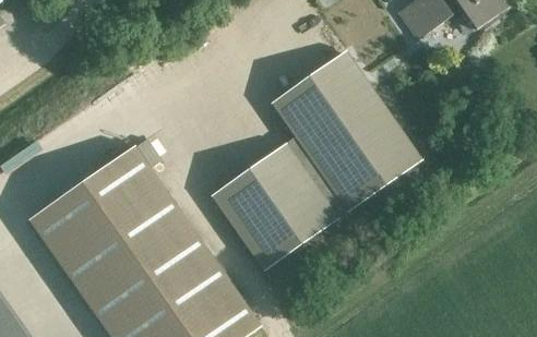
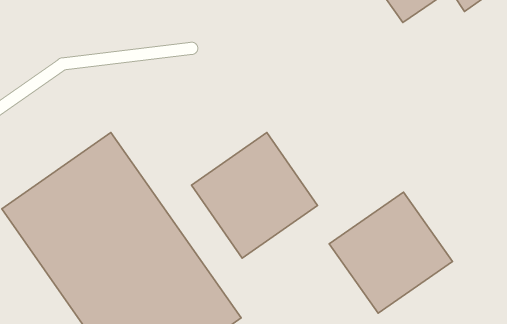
building: [273,51,419,207] -> none
building: none -> [329,192,452,313]

